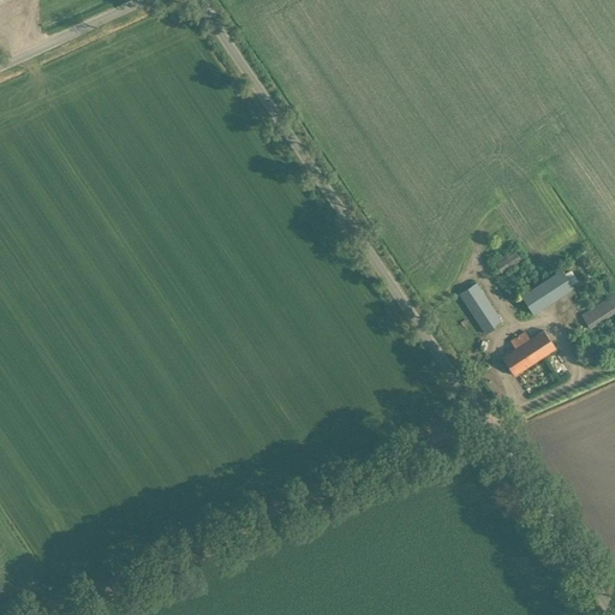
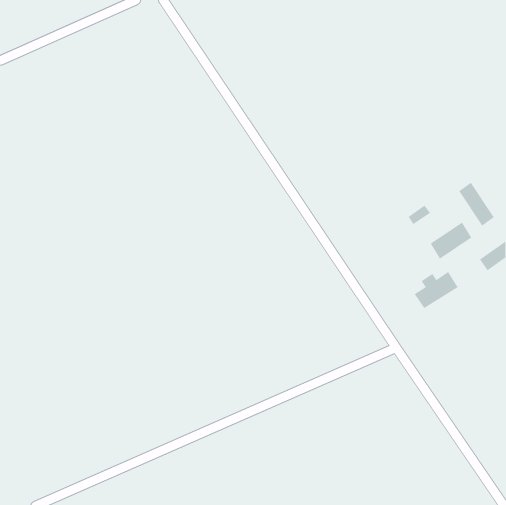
building: none -> [459,182,495,226]
building: [460,283,502,335] -> none

